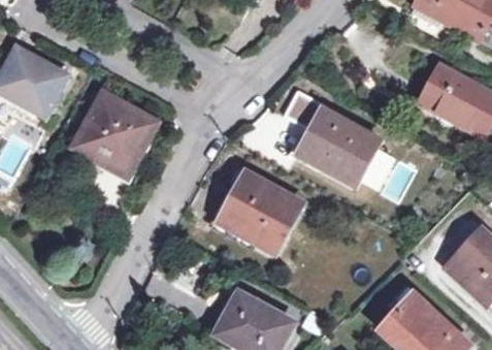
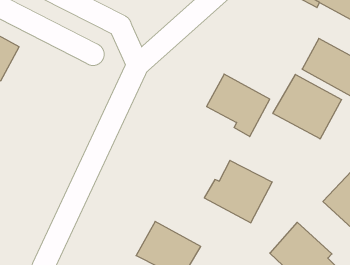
building: [75,94,156,176] -> none
building: none -> [273,74,342,139]
building: [217,174,301,252] -> [204,160,272,223]

